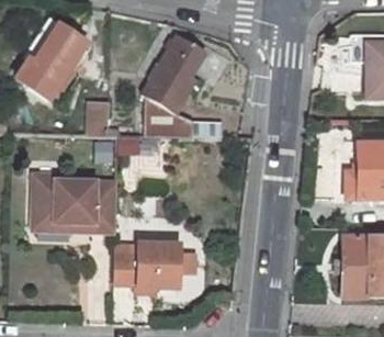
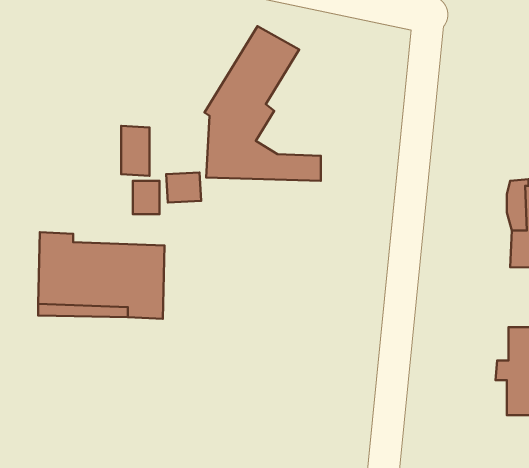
building: [18,26,87,100] -> none
building: [115,243,181,289] -> none

